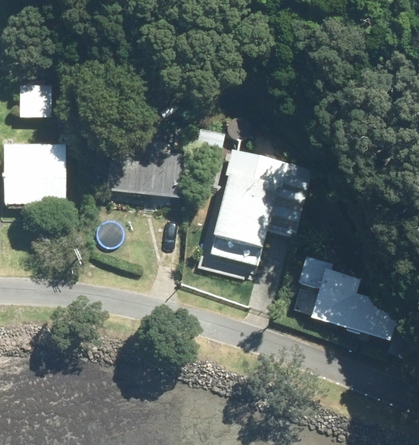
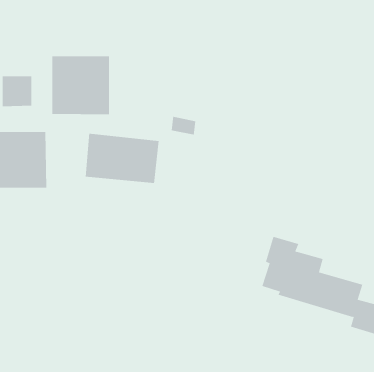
building: none -> [52,56,109,115]
building: [208,150,309,268] -> none

